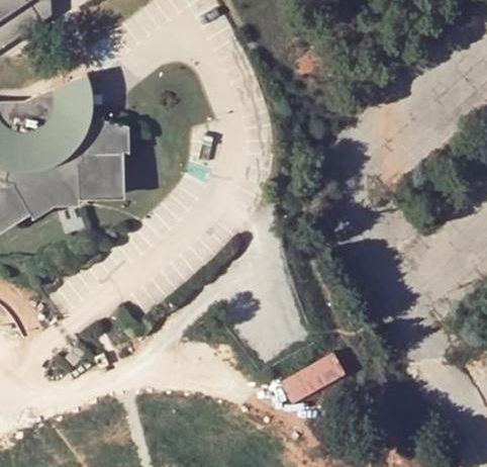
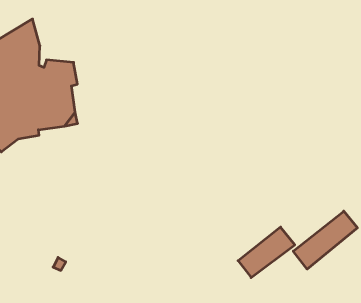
building: none -> [293,211,357,269]

